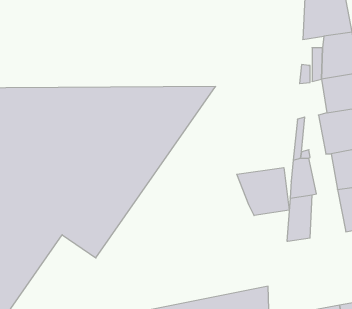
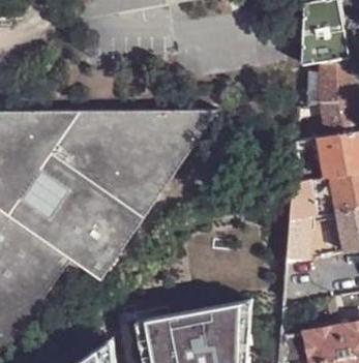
building: [237,168,289,216] -> none

